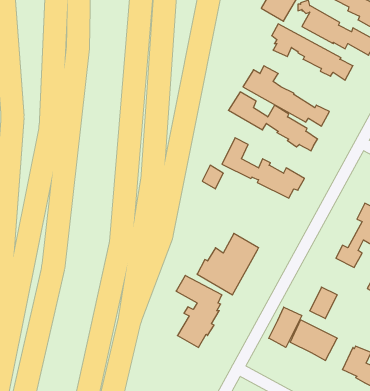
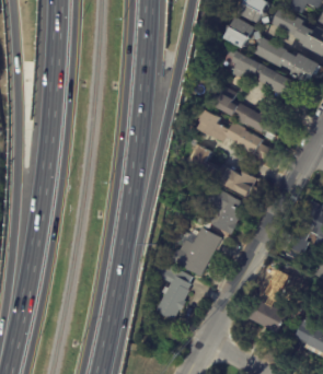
building: none -> [195,189,244,235]
building: [269,307,302,347] -> none

